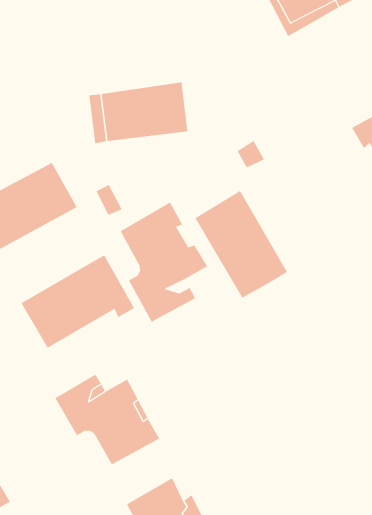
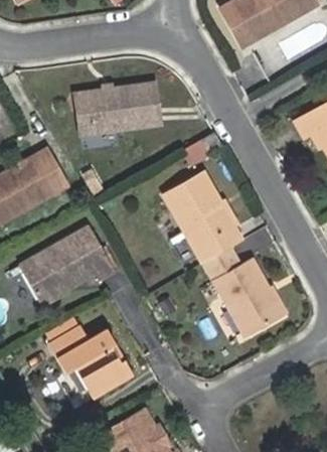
building: [120,201,208,323] -> none
building: none -> [203,247,284,337]

